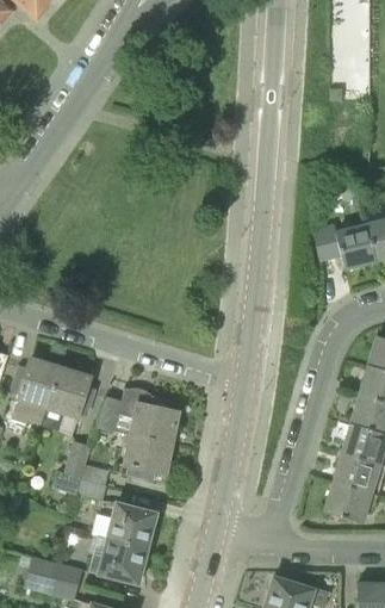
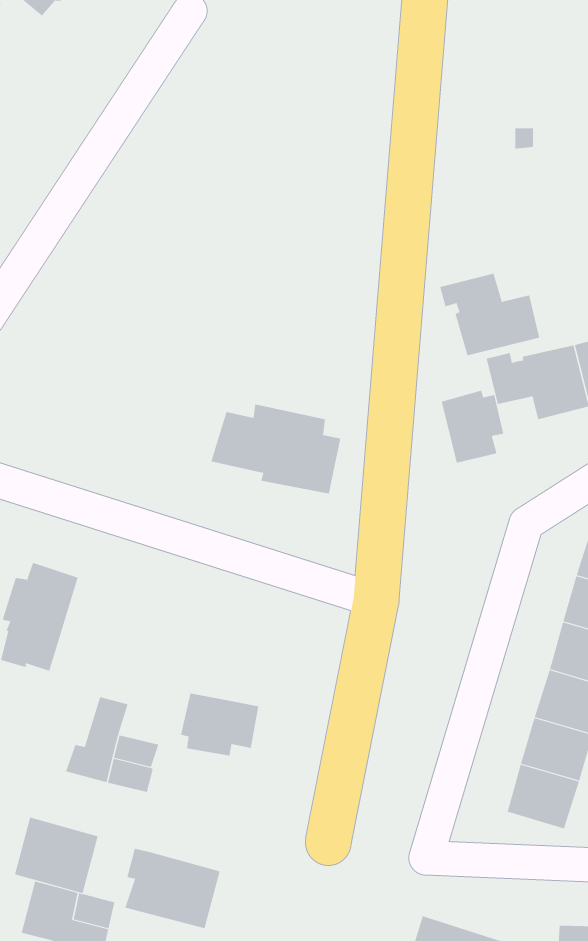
building: none -> [439,273,540,356]
building: none -> [441,390,504,463]
building: [42,366,94,430] -> none
building: [98,390,179,446] -> [210,404,341,494]
building: [105,501,157,548] -> [14,817,99,894]

